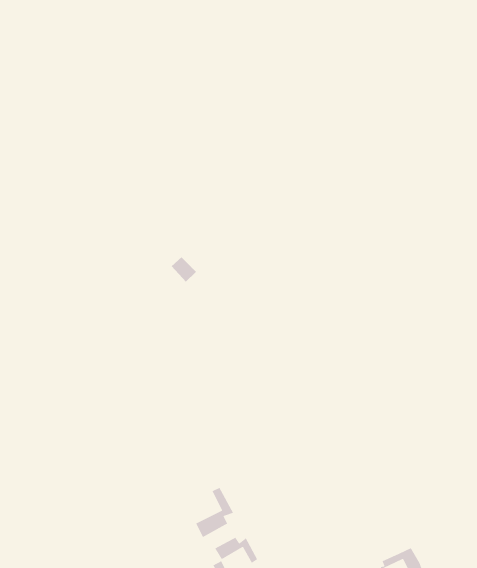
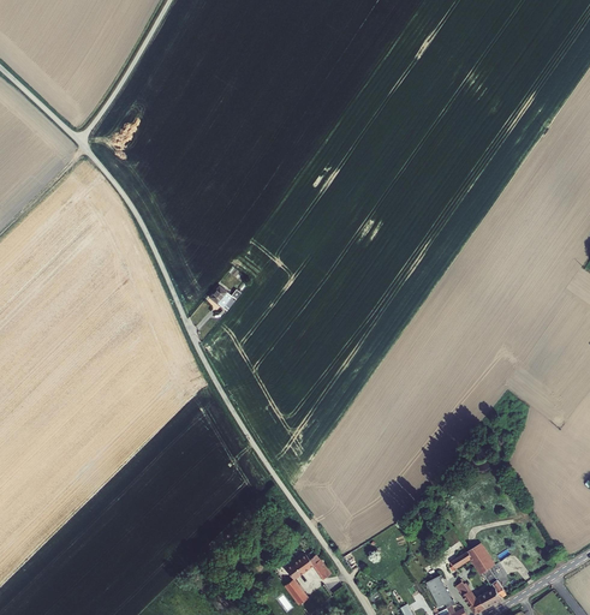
building: [195,487,234,538] -> none

